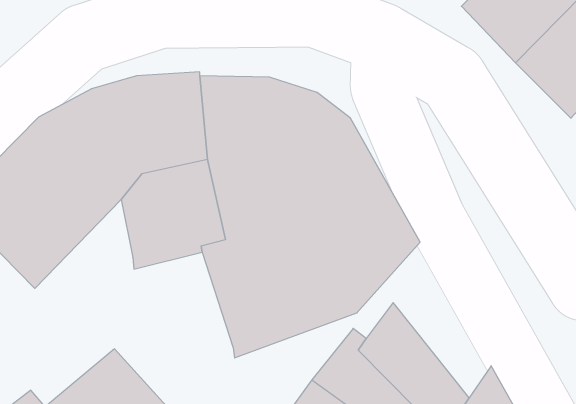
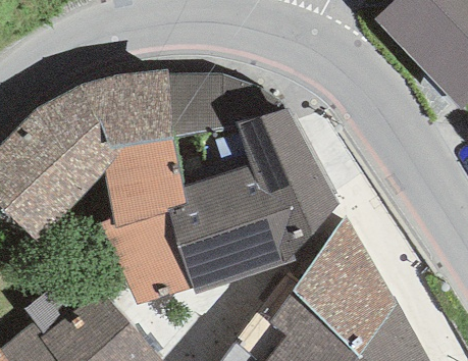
building: none -> [99,214,193,306]
building: none -> [319,217,397,329]

